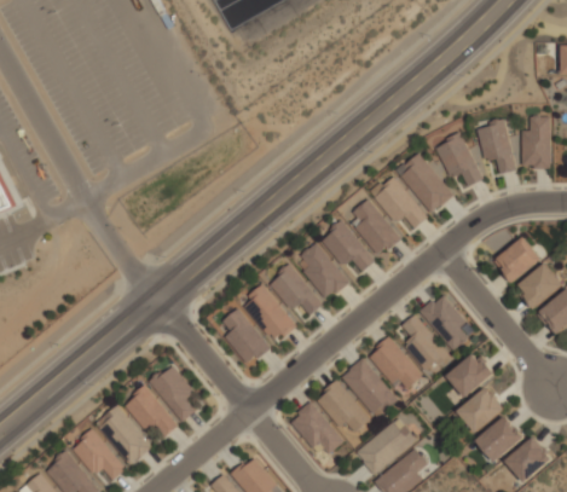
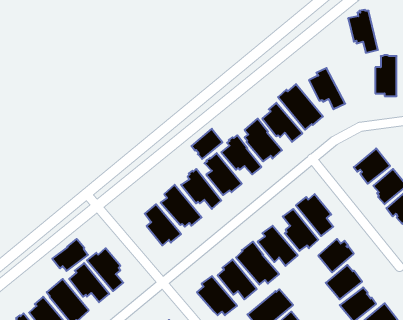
building: [478,117,516,173] -> [348,10,378,53]
building: none -> [191,129,222,159]
building: none -> [52,239,88,271]

